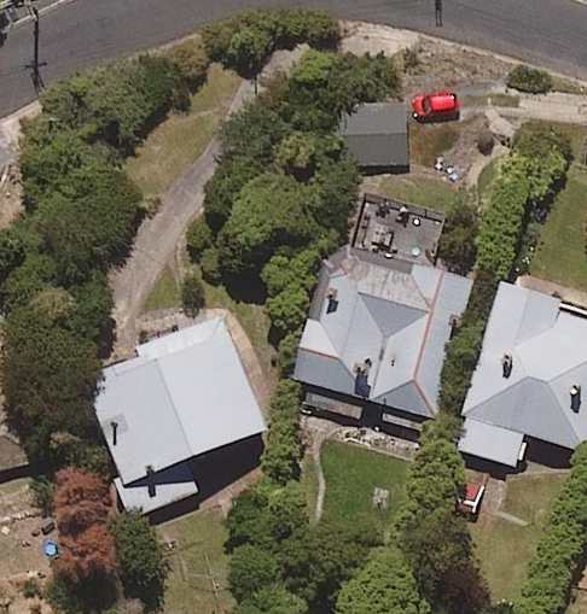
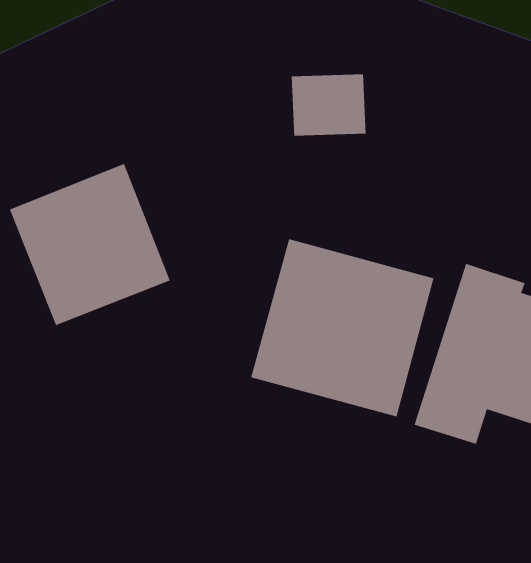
building: none -> [9,163,171,326]
building: [77,311,267,510] -> none

